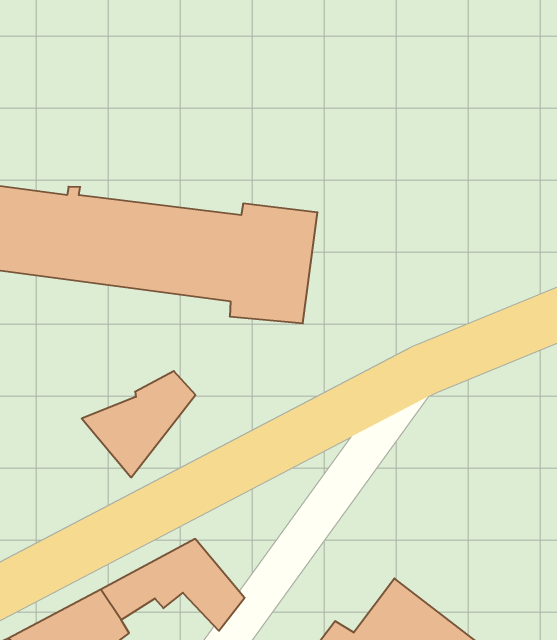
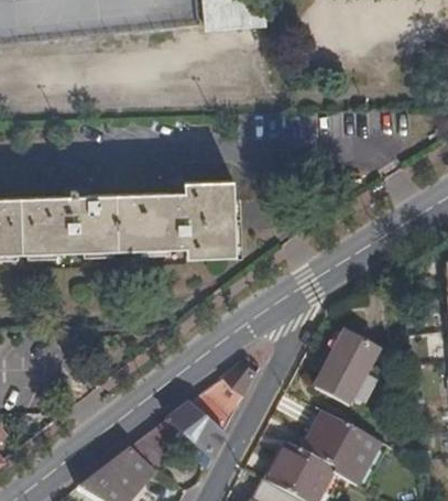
building: [82,371,195,477] -> [186,366,258,439]
building: none -> [314,333,373,406]

